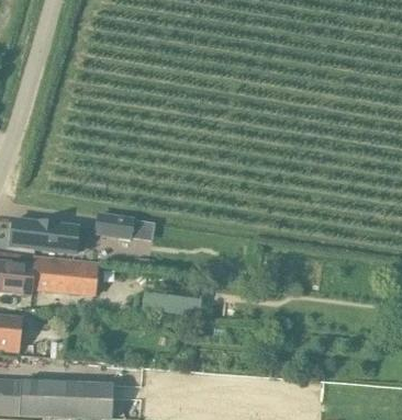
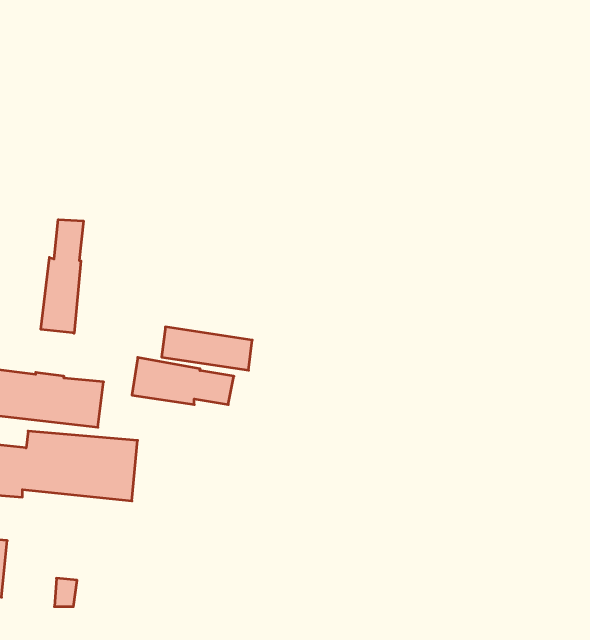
building: none -> [41,220,83,333]
building: [147,291,200,316] -> [162,327,252,370]

